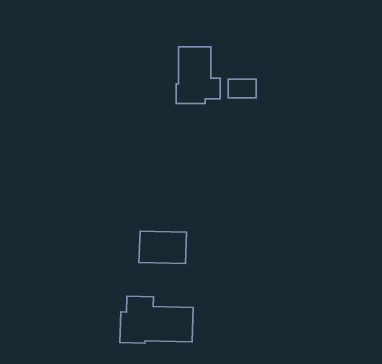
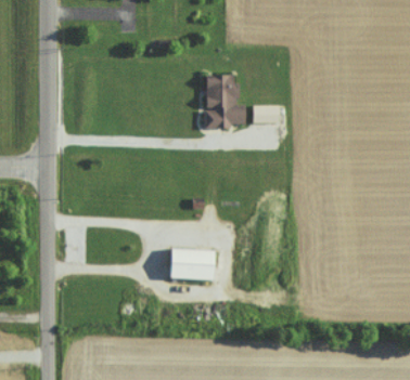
building: [120,296,193,343] -> none

